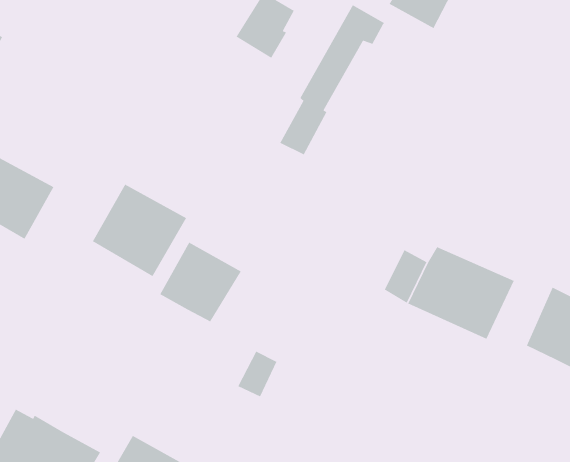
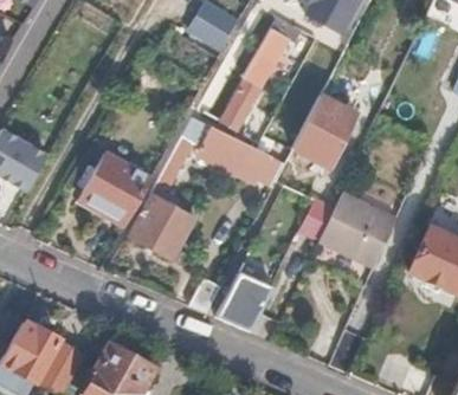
building: none -> [292,98,360,170]
building: none -> [155,116,284,189]
building: none -> [218,270,275,331]

